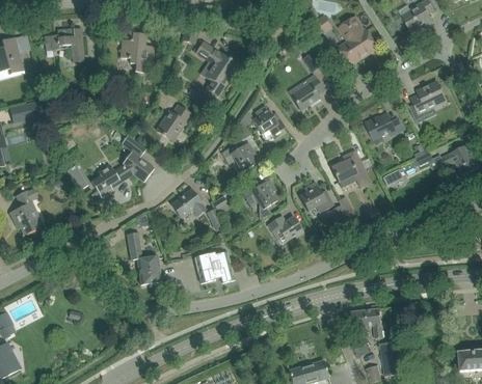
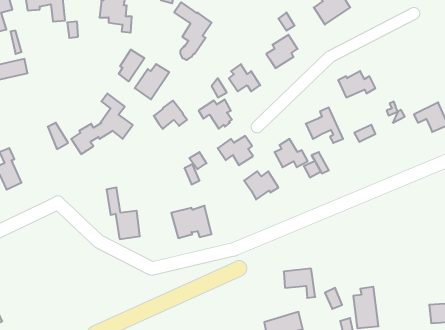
building: [408,81,447,122] -> none
building: none -> [119,49,144,81]
building: [171,188,206,217] -> [154,101,187,129]
building: [351,308,383,338] -> [284,269,315,298]

